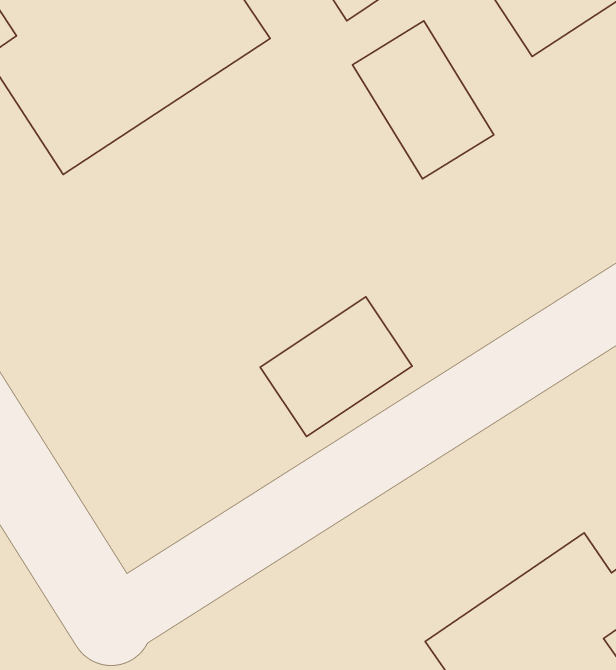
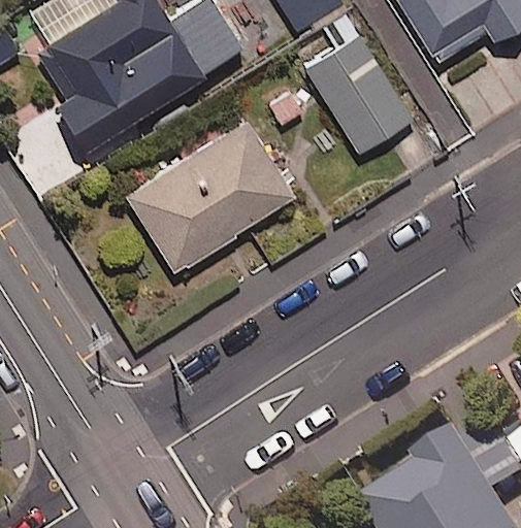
building: none -> [126,118,294,272]
building: [260,297,412,437] -> none

